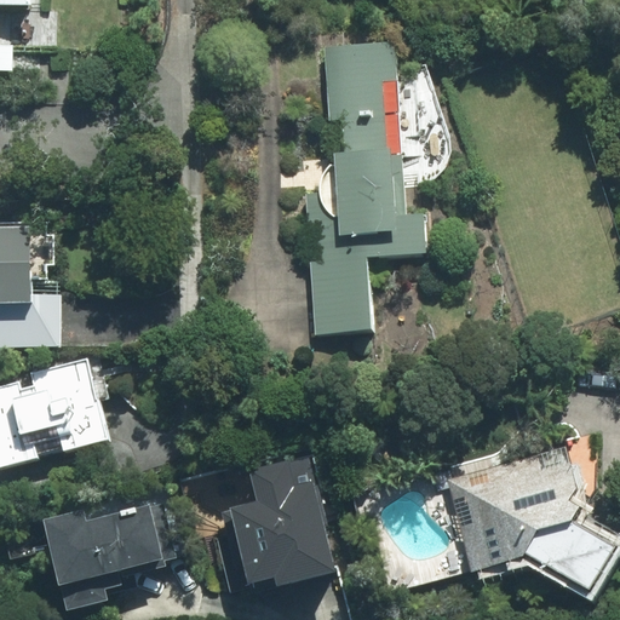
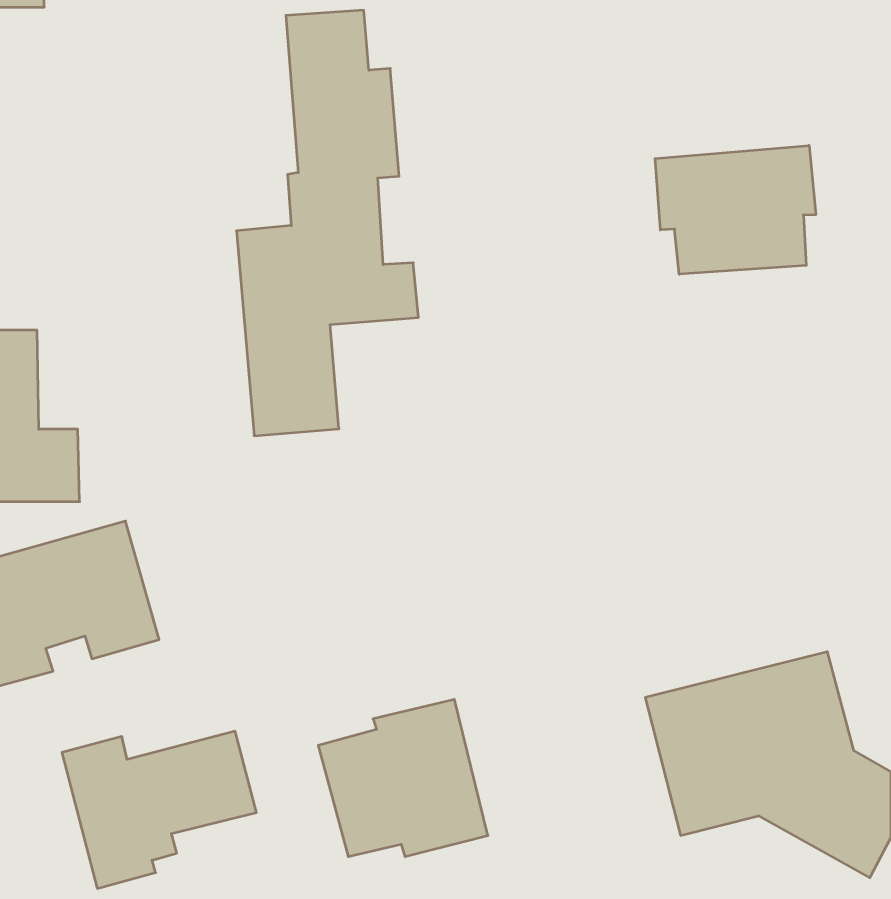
building: [300,40,425,332] -> [236,10,418,436]
building: none -> [655,145,816,274]

